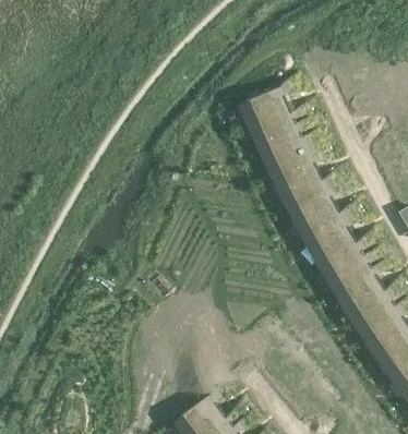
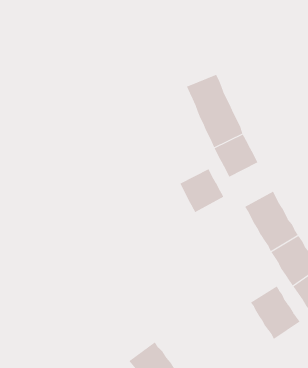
building: [291,193,343,244] -> [180,168,224,213]
building: none -> [250,286,300,340]

